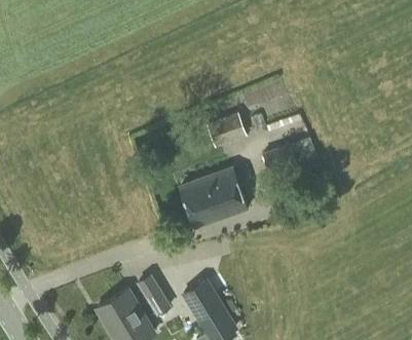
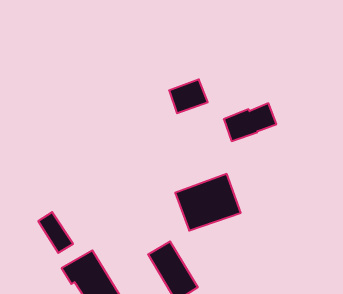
building: [179,168,247,227] -> [175,174,241,231]
building: [136,274,172,316] -> [38,212,73,253]

